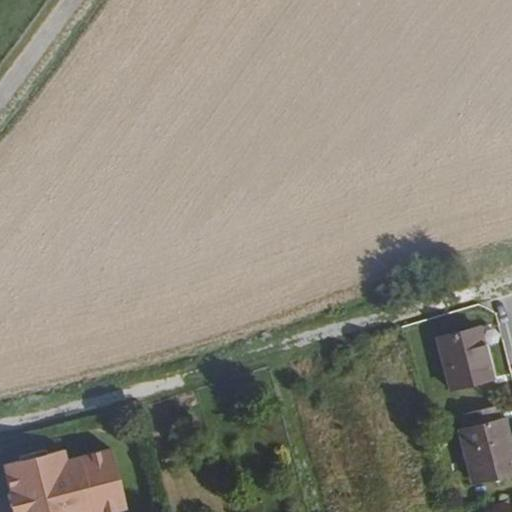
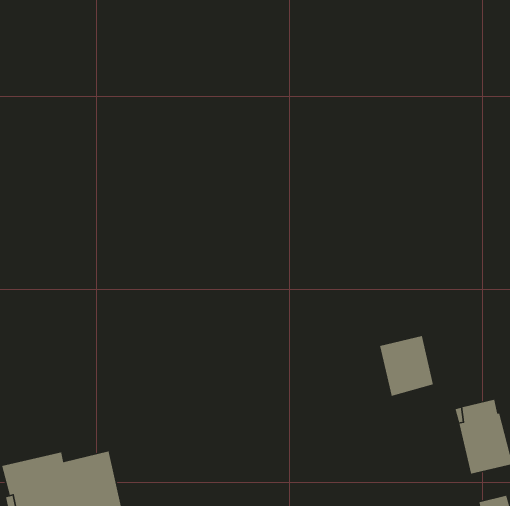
building: [437,327,491,388] -> [379,335,434,397]

